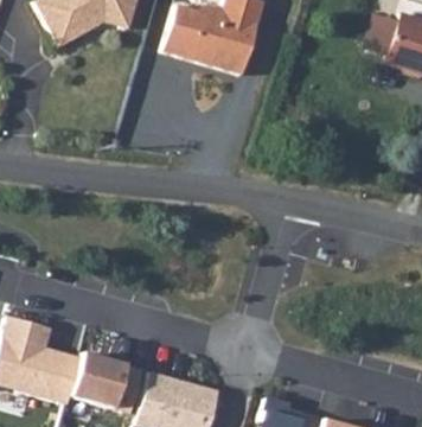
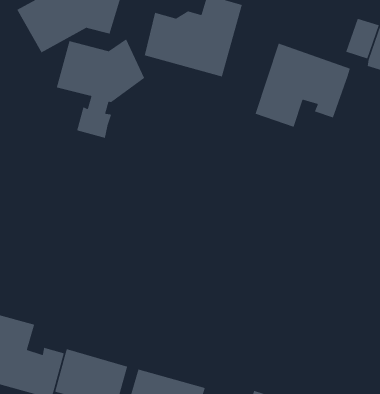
building: none -> [56,38,145,139]
building: none -> [254,43,351,128]

